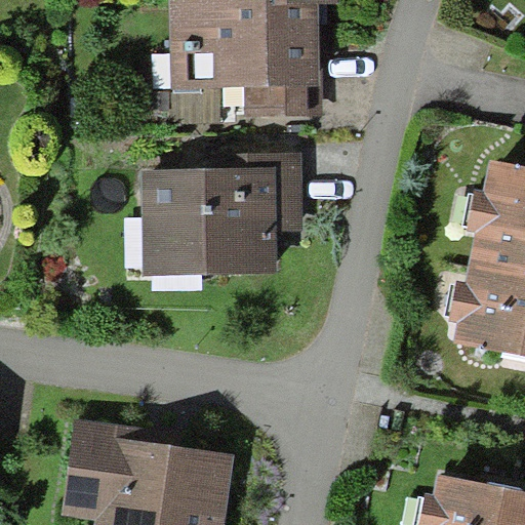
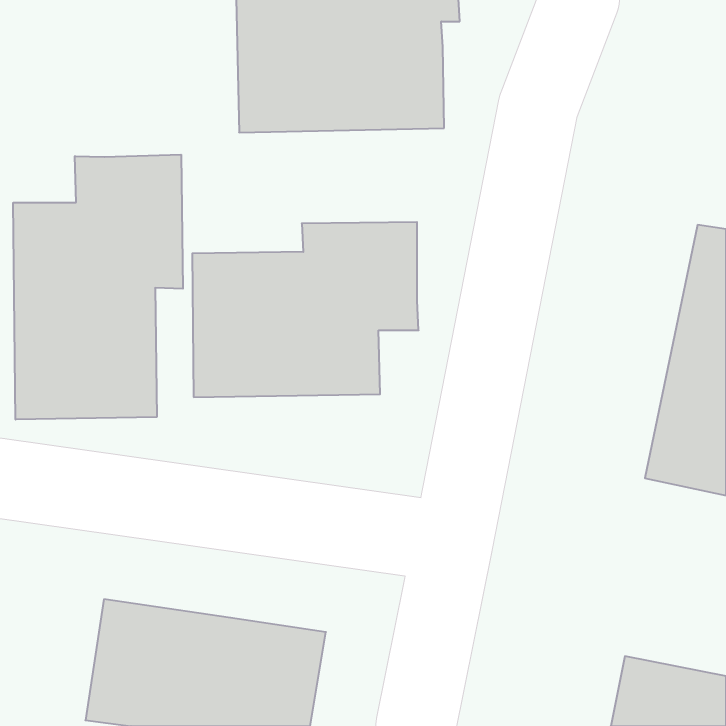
building: none -> [13,155,183,420]

